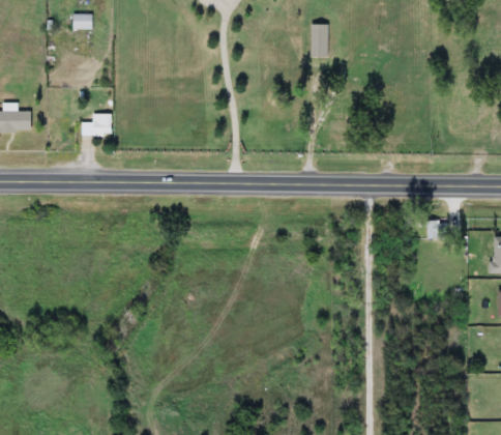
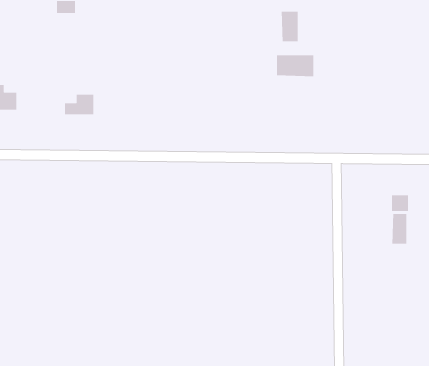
building: none -> [276,55,314,77]
building: none -> [391,213,407,244]

